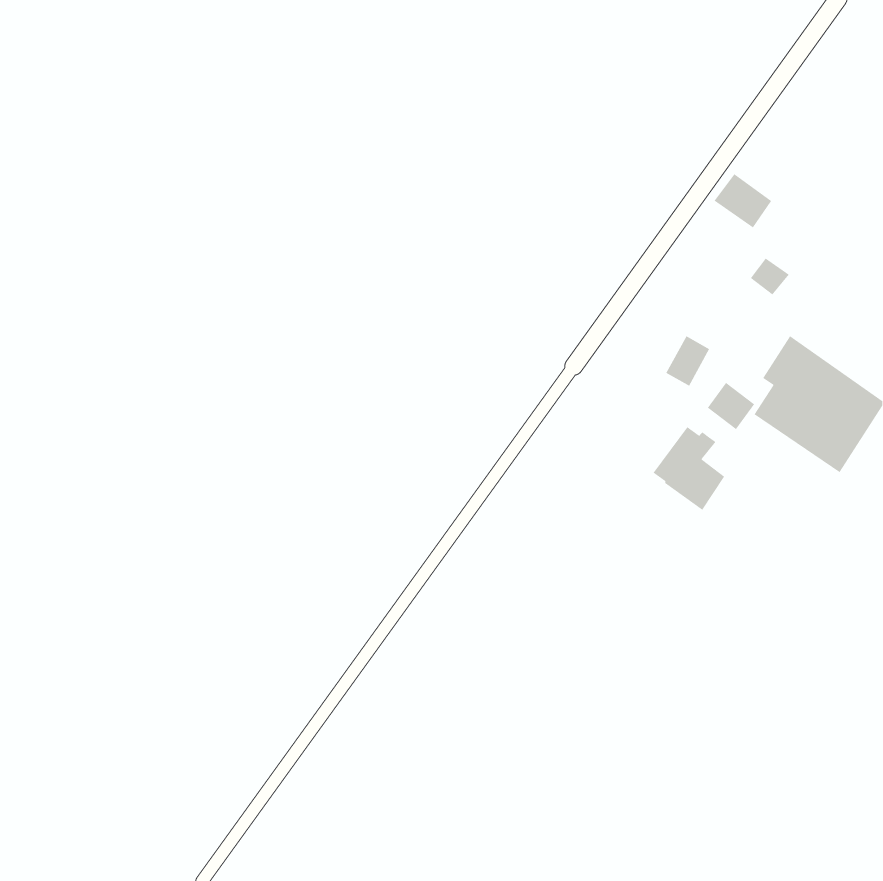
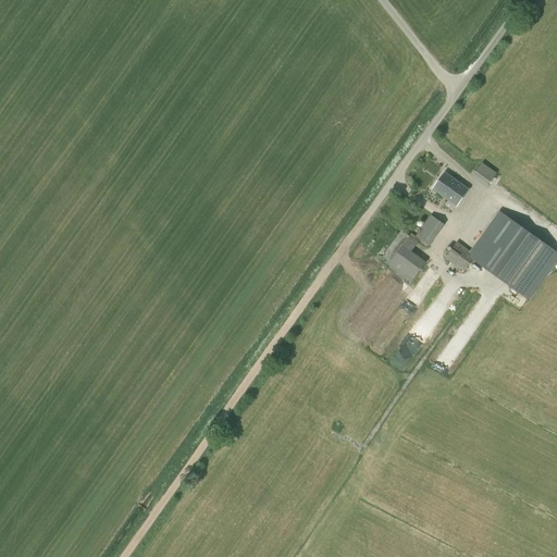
building: [713,173,772,228] -> [432,171,469,206]
building: [652,426,725,511] -> [380,230,425,283]

